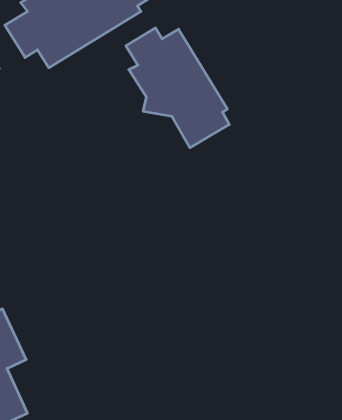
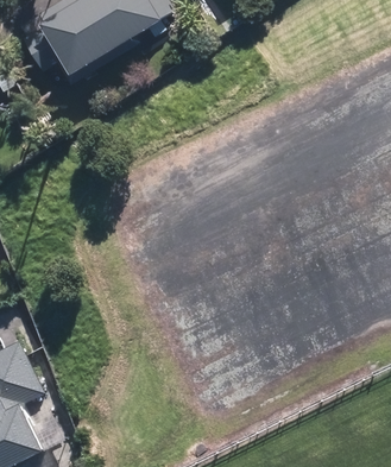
building: [126,28,229,148] -> none

